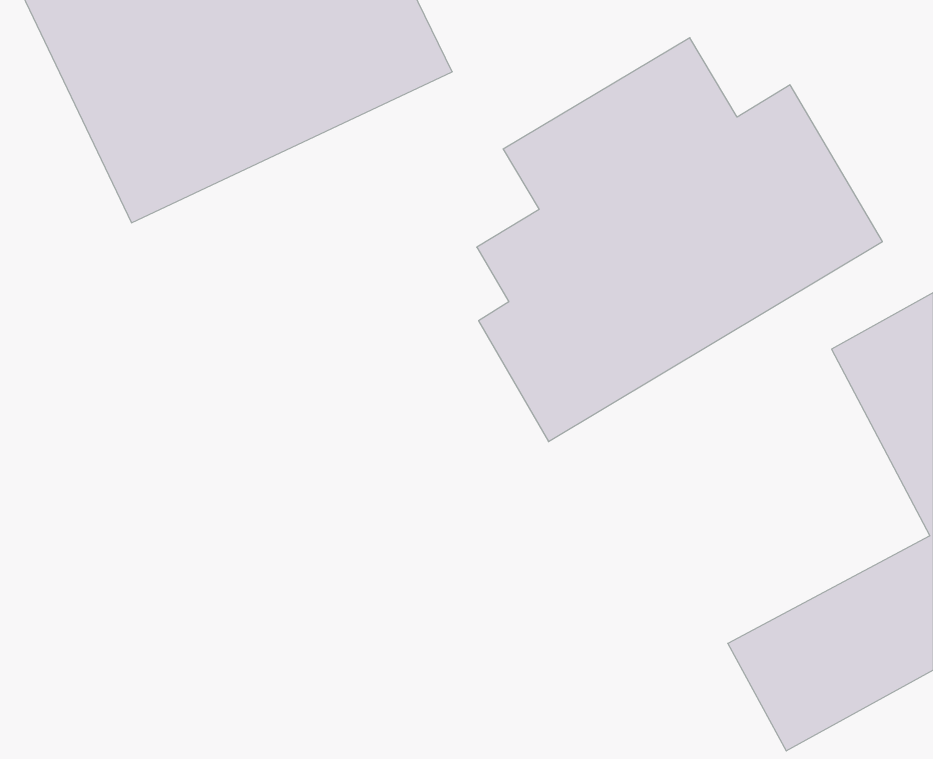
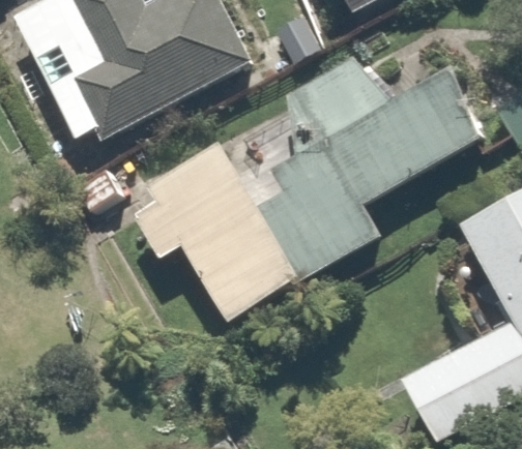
building: none -> [132,136,308,318]

